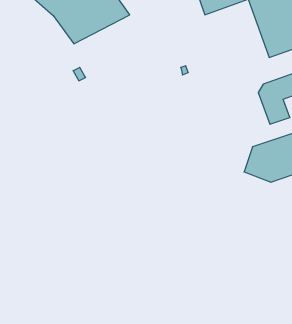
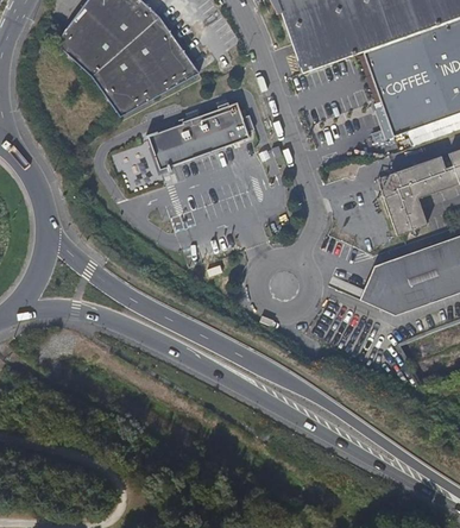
building: none -> [146,103,250,172]

